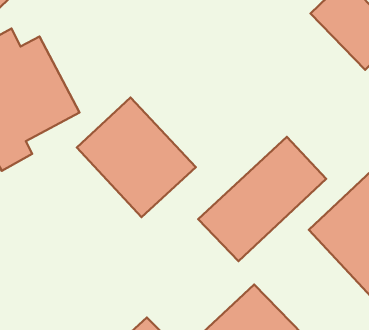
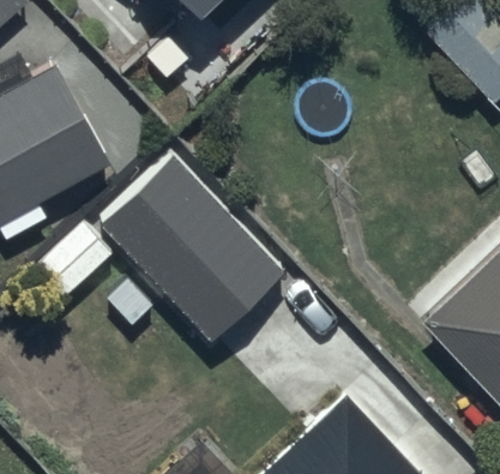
building: [198,137,326,261] -> none

